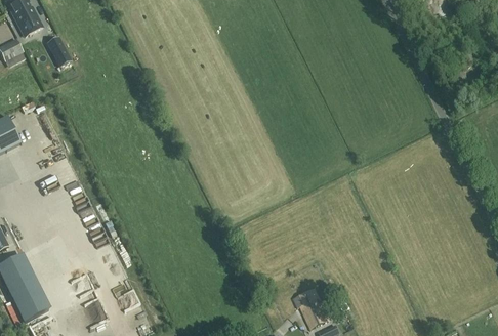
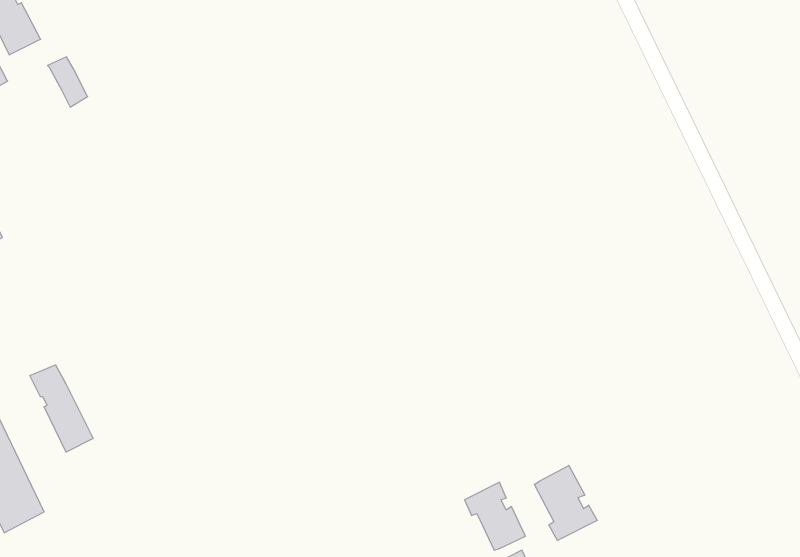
building: none -> [30,365,93,452]
building: none -> [534,465,597,540]

